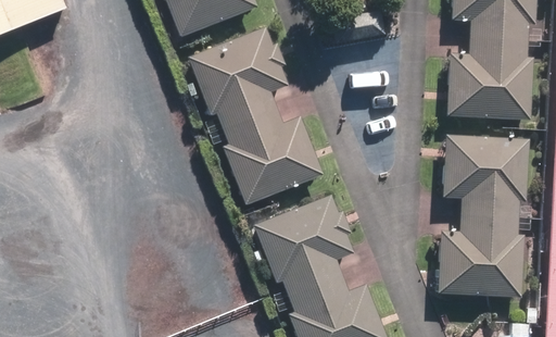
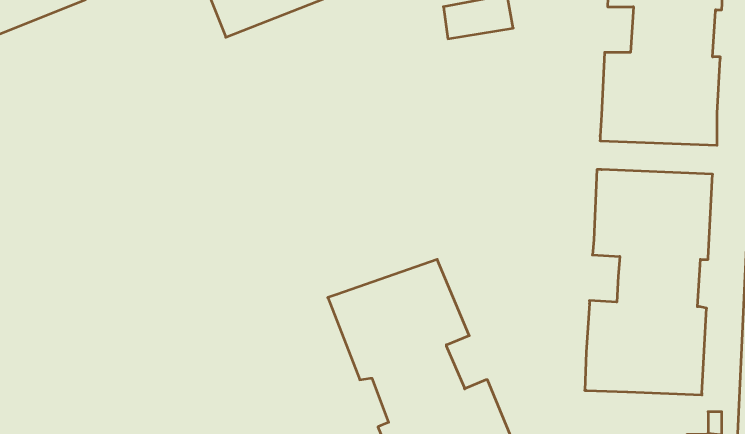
building: [190,26,324,204] -> none

